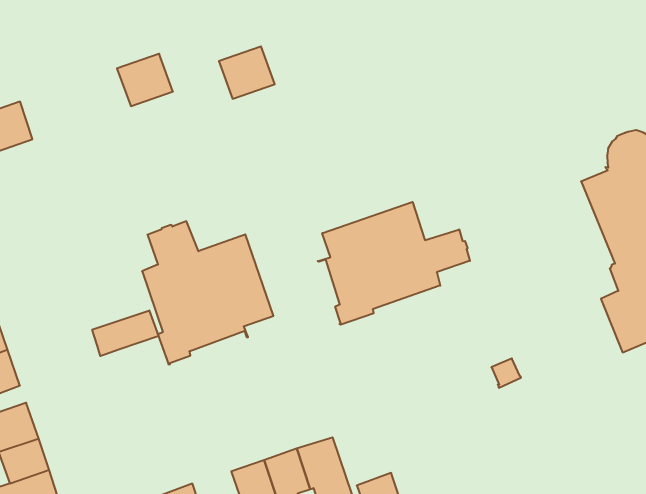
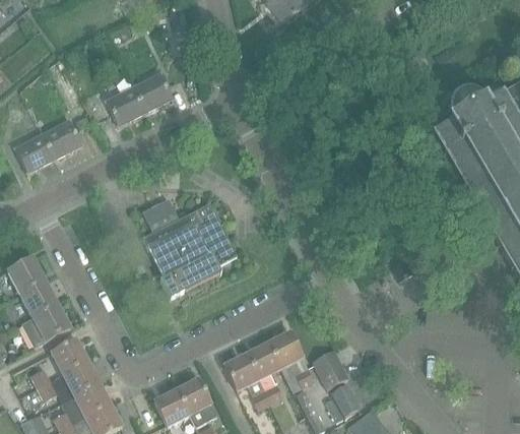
building: [219,46,275,99] -> [133,72,174,111]
building: none -> [43,119,82,158]
building: [318,202,470,325] -> none
building: [92,310,159,356] -> none

